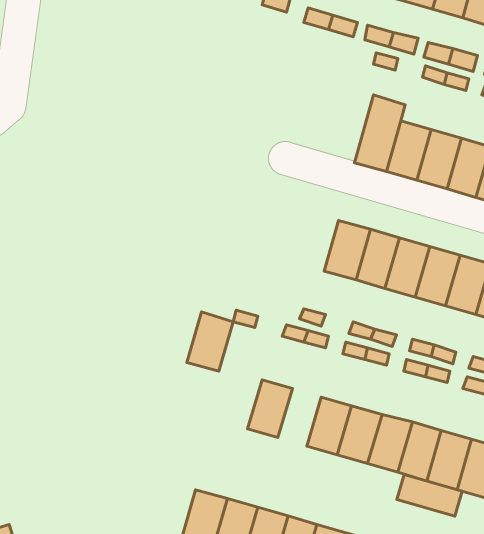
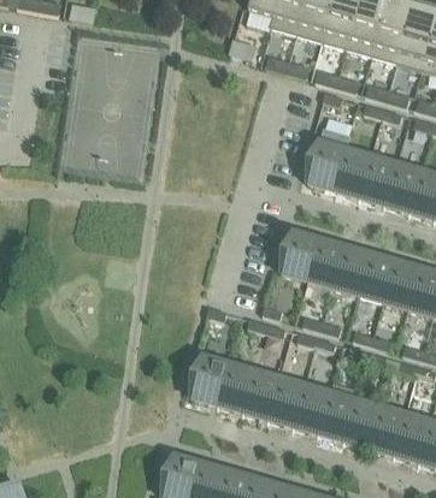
building: [187,312,233,371] -> [190,352,229,402]
building: none -> [242,368,278,416]
building: [397,475,462,516] -> none

